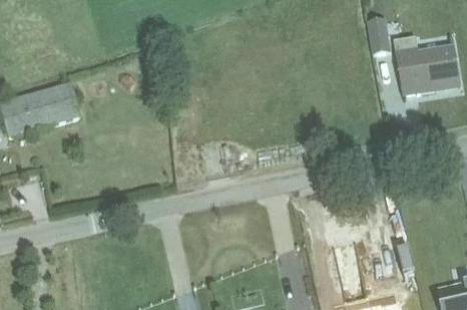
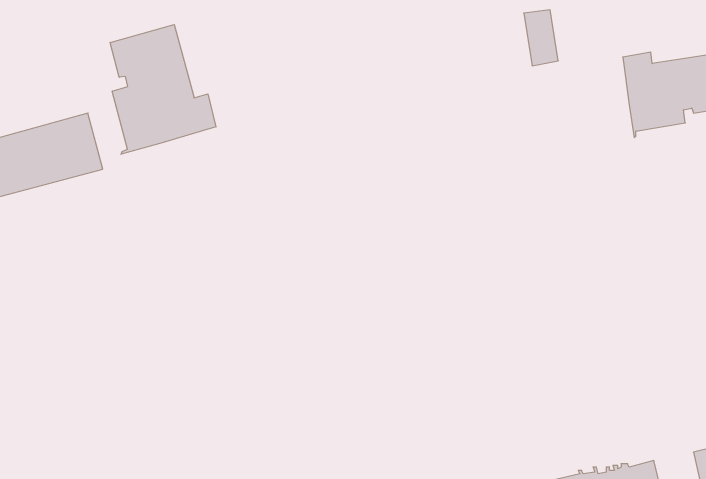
building: [368,19,389,53] -> [524,10,558,66]
building: none -> [110,25,216,154]

